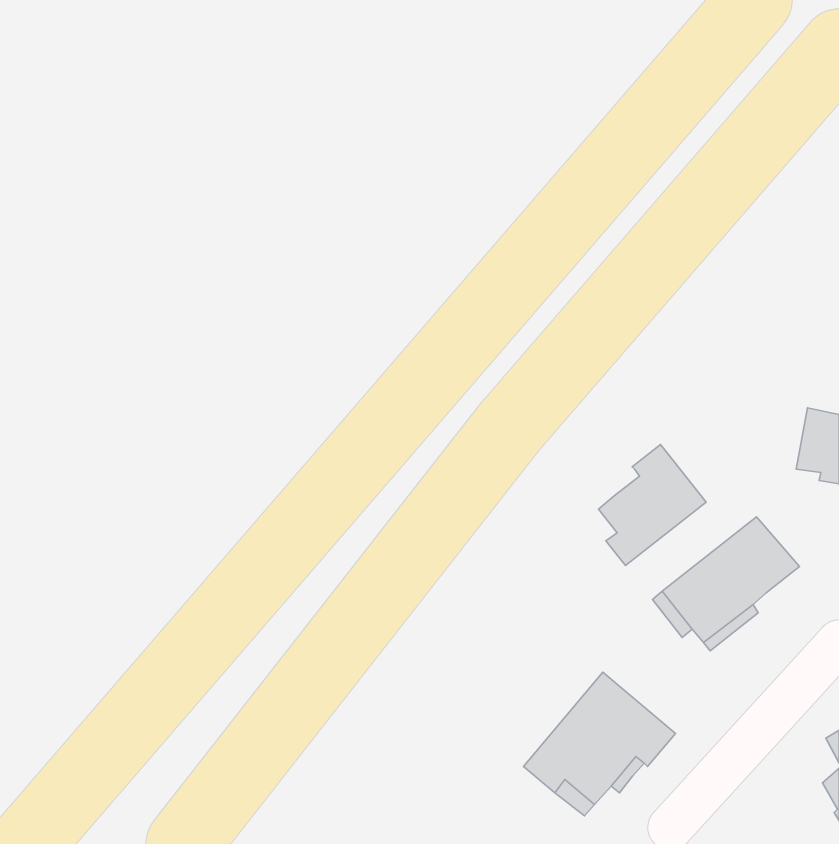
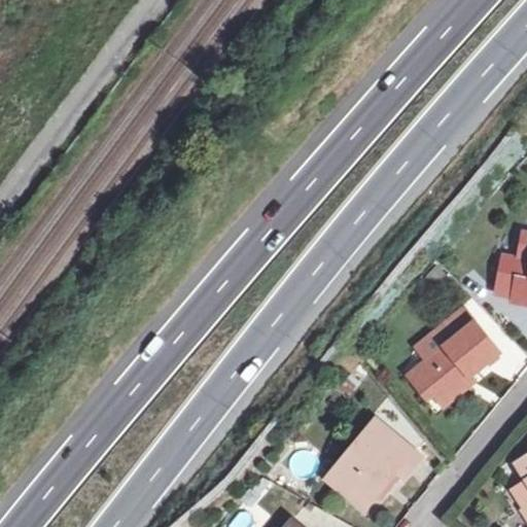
building: [599,444,706,566] -> none

